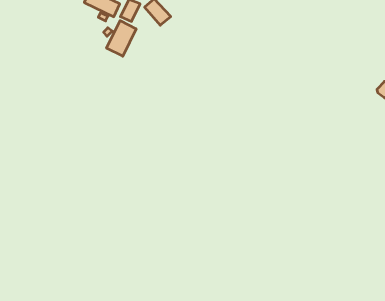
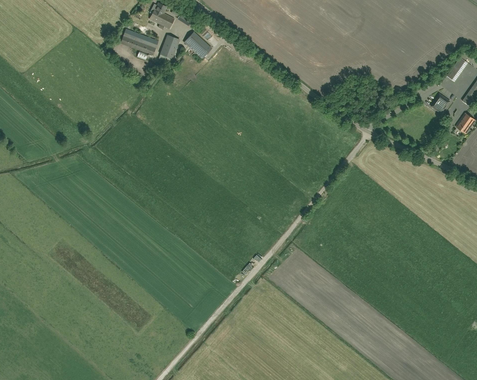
building: [107,21,136,56] -> none

